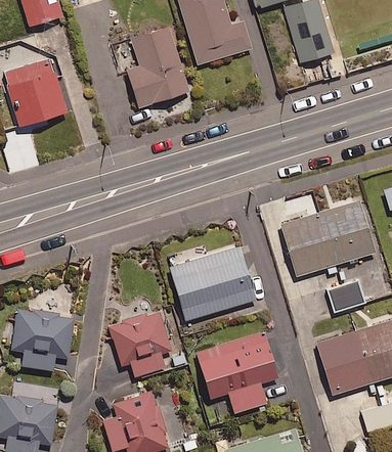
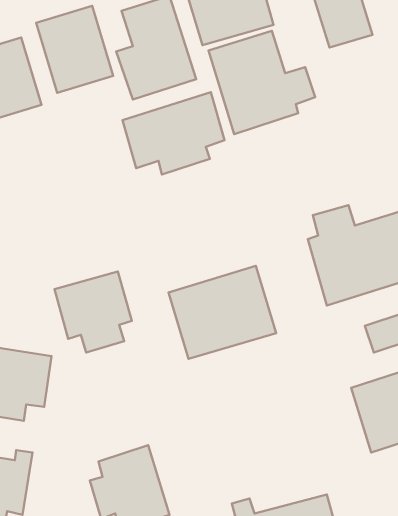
building: none -> [36,6,113,93]
building: none -> [208,31,315,134]
building: none -> [123,92,225,175]
building: [108,310,171,375] -> [54,271,132,353]
building: [195,330,277,410] -> none

